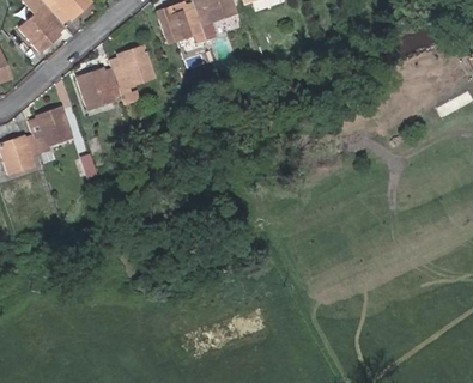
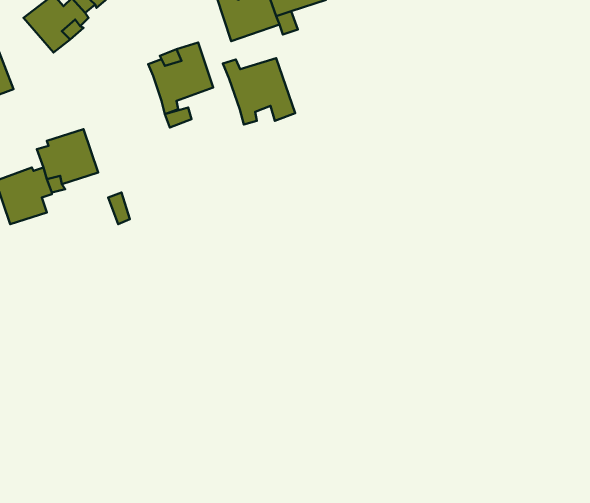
building: none -> [223,58,295,125]
building: [77,67,117,109] -> none

